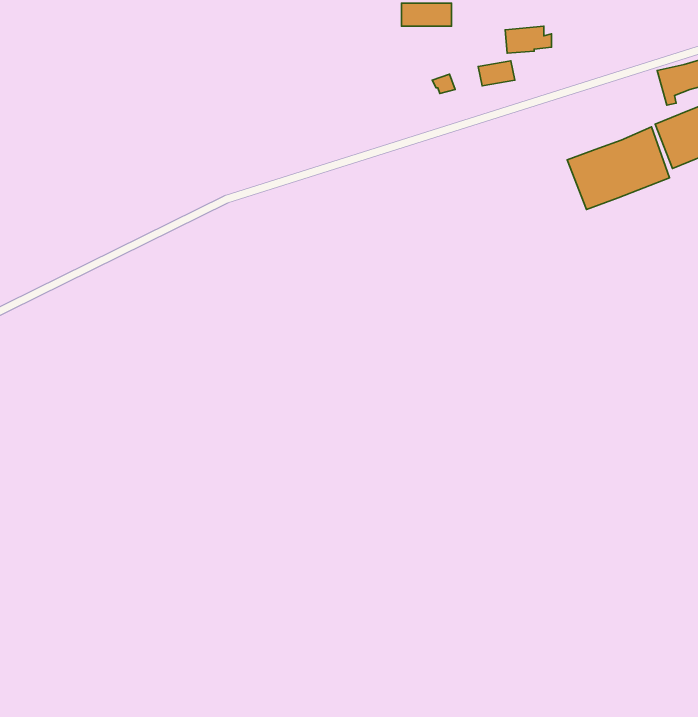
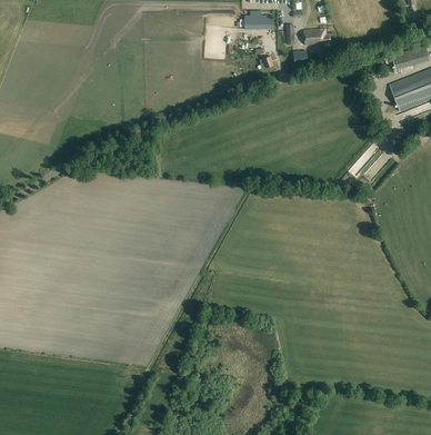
building: [567,127,669,209] -> none

